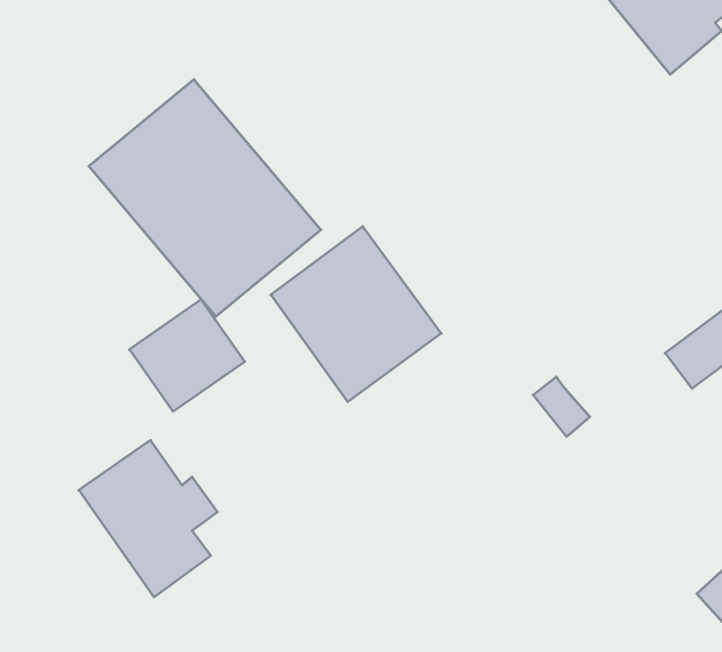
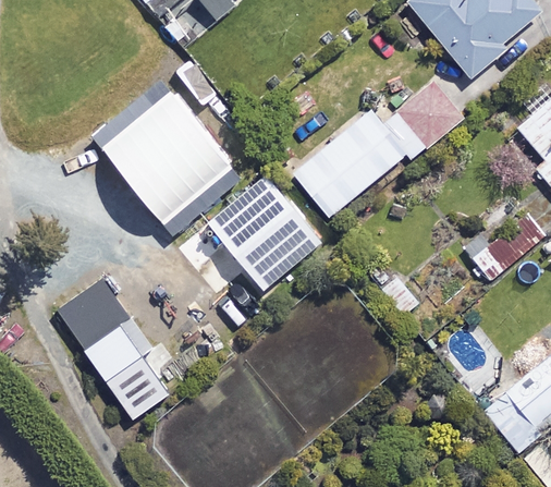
building: none -> [292,82,461,216]
building: [129,300,245,411] -> [57,277,132,350]

